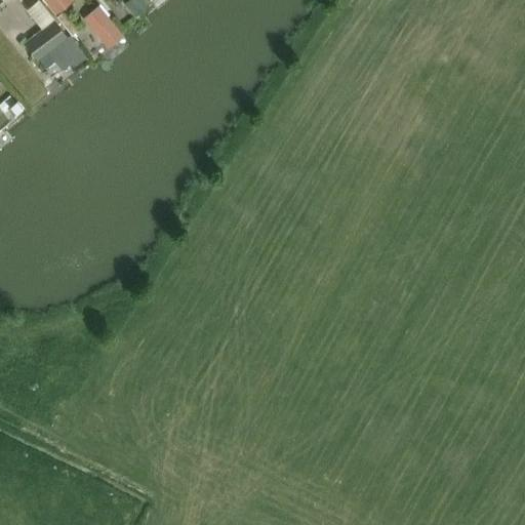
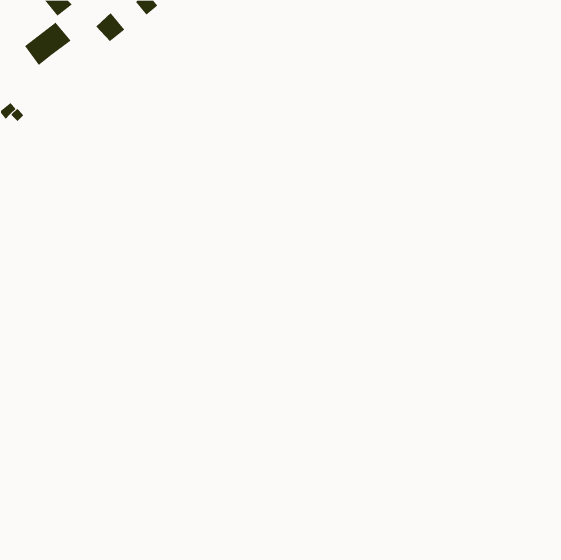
building: [47,36,87,72] -> none

